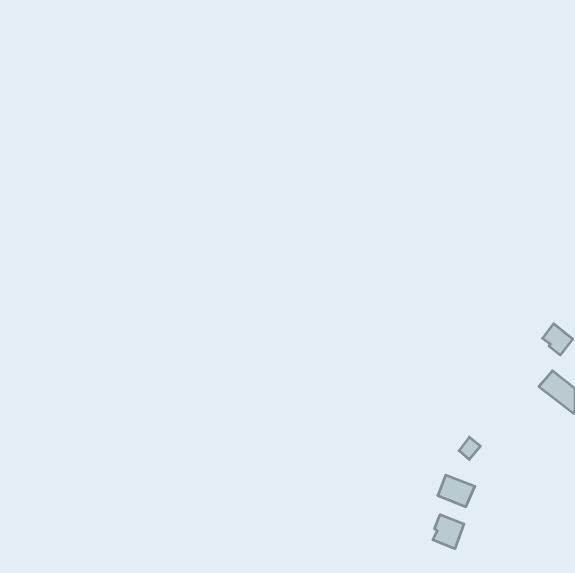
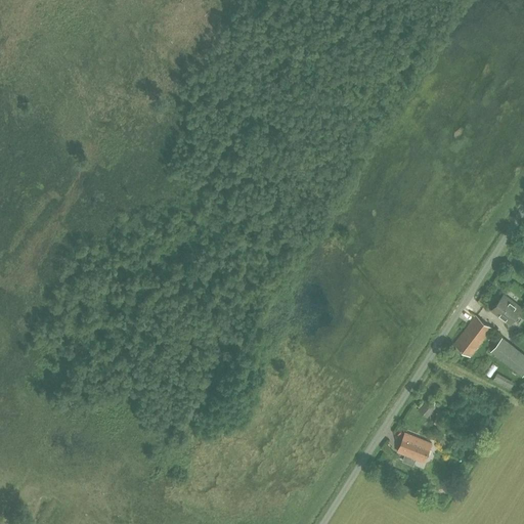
building: none -> [454,317,492,357]
building: [433,515,464,549] -> none

